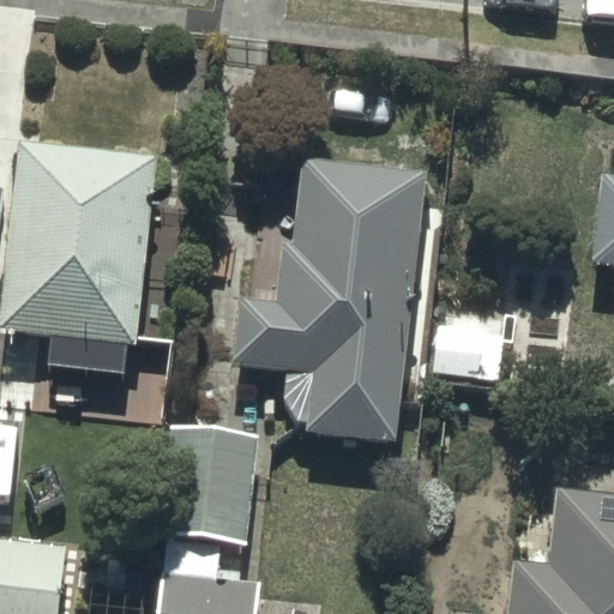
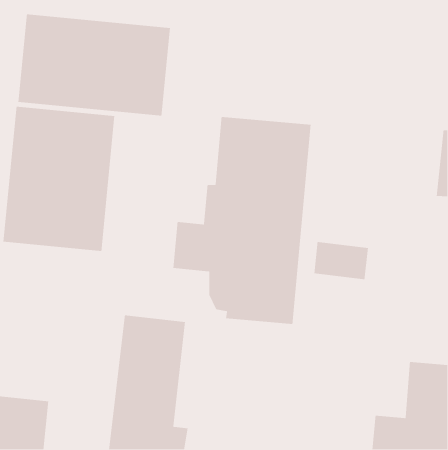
building: none -> [18,13,171,117]

